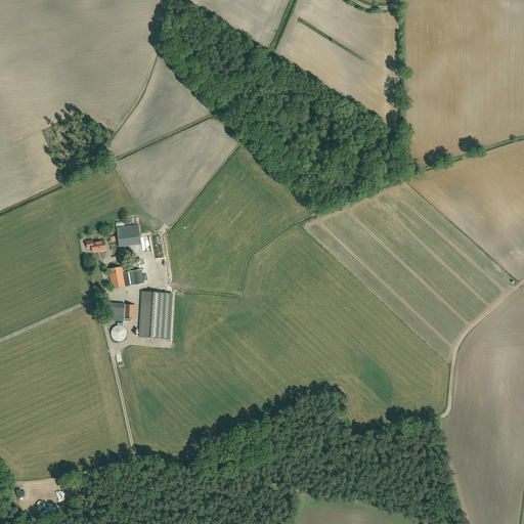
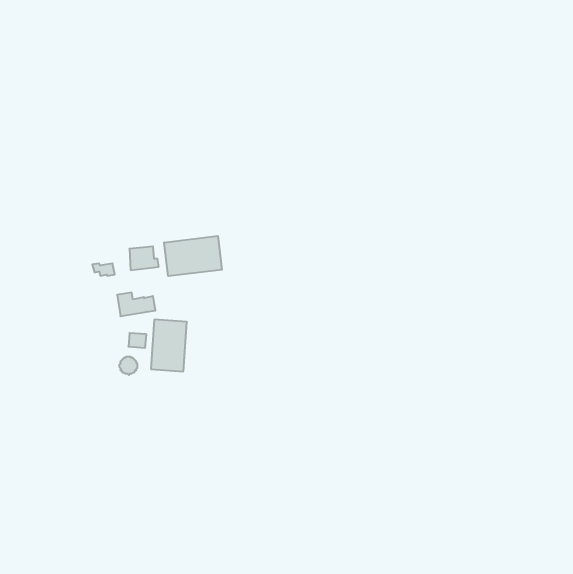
building: none -> [164,236,222,276]

